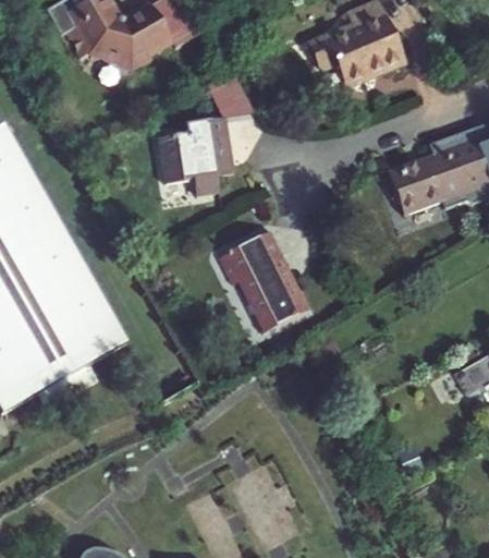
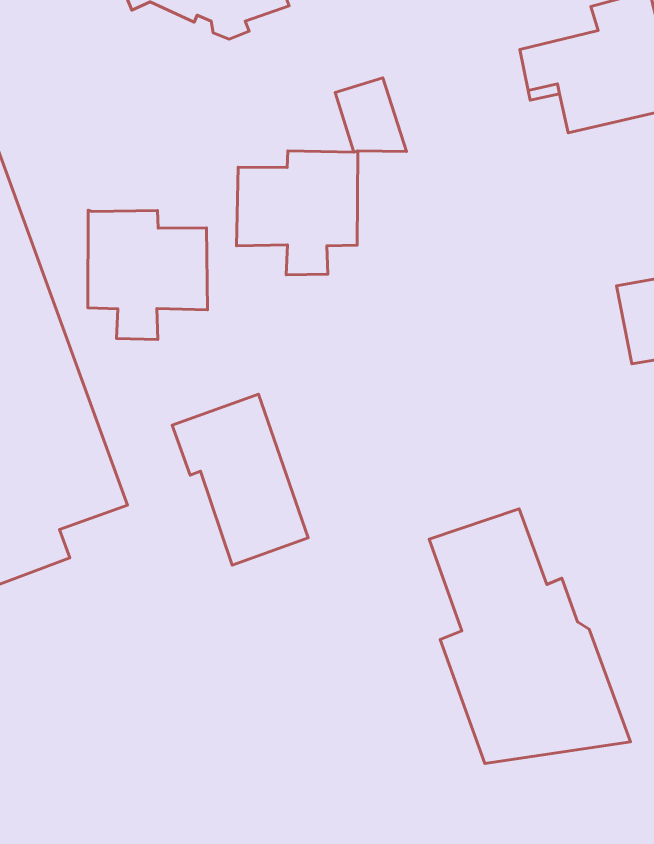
building: none -> [88,210,208,340]
building: [219,228,308,329] -> [172,394,308,565]
building: none -> [429,509,630,763]

